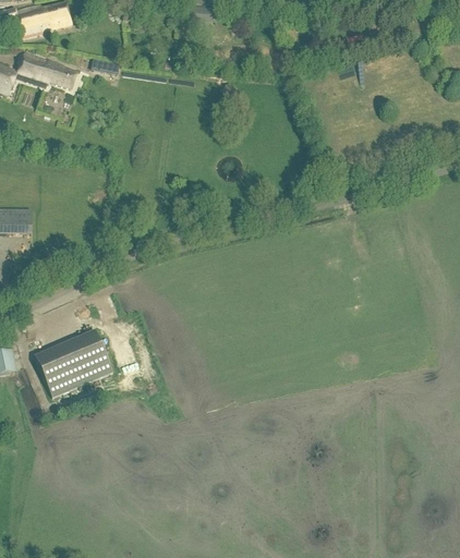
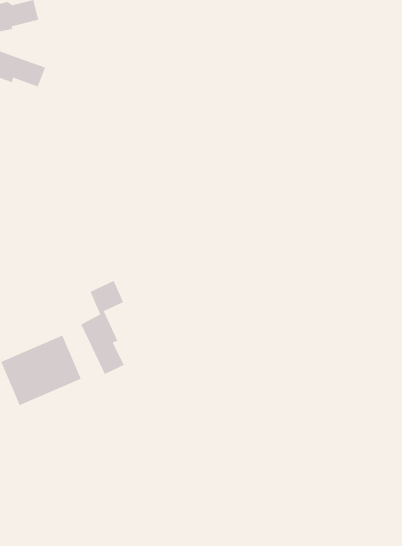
building: none -> [80,280,125,375]

